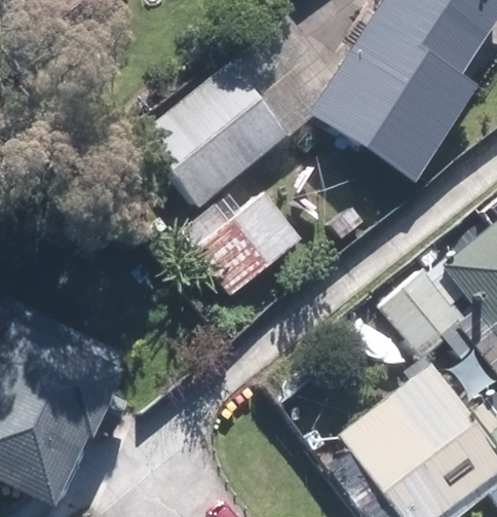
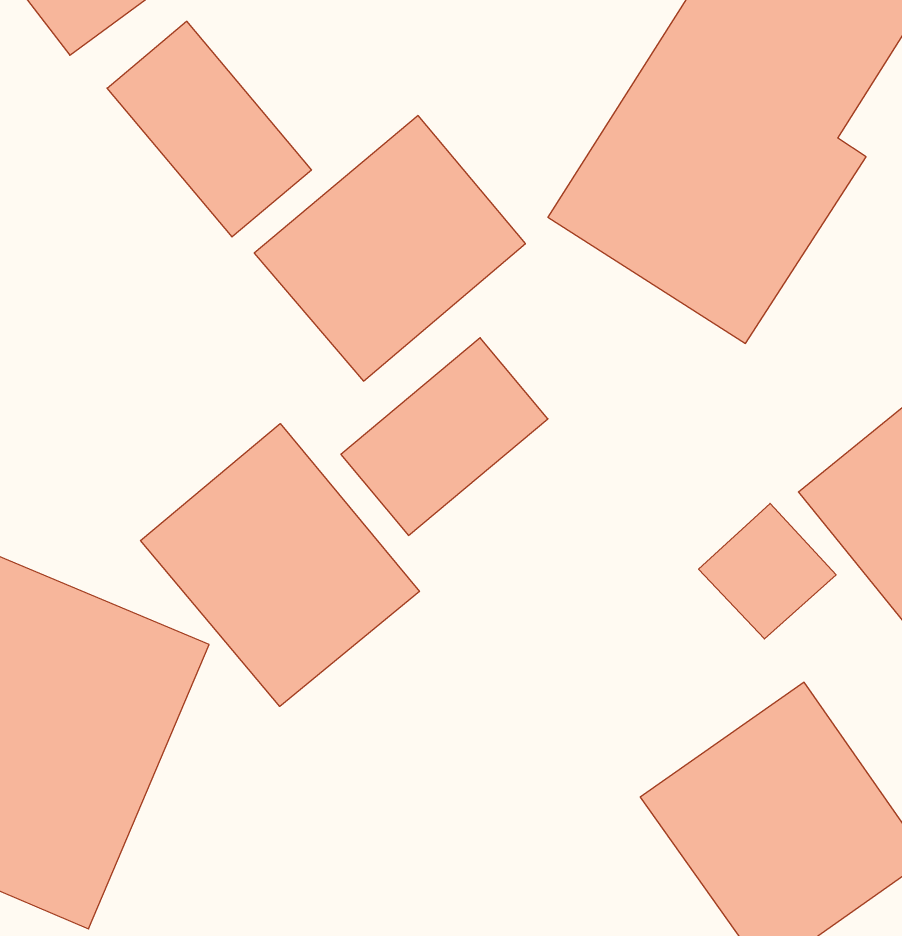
building: none -> [107,21,311,237]
building: none -> [141,424,419,706]

